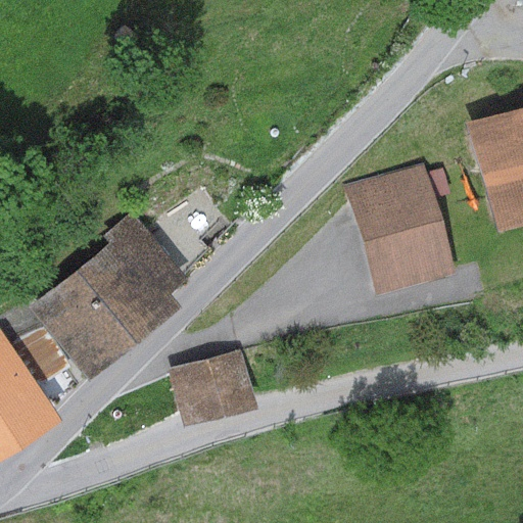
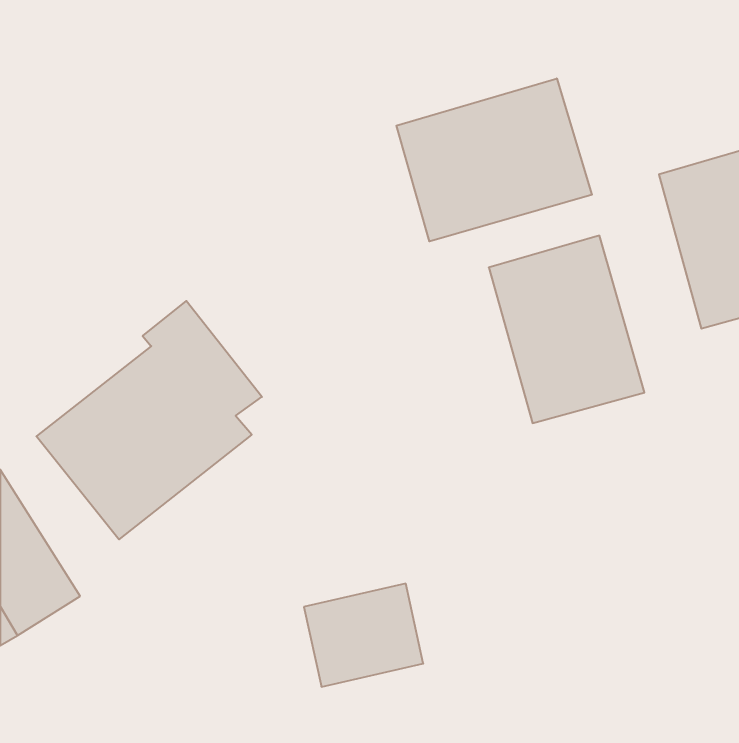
building: none -> [396,78,592,241]
building: [171,352,254,425] -> [304,584,423,687]

